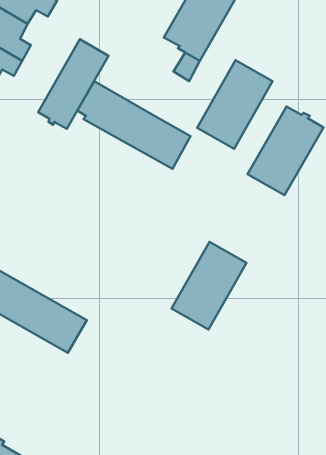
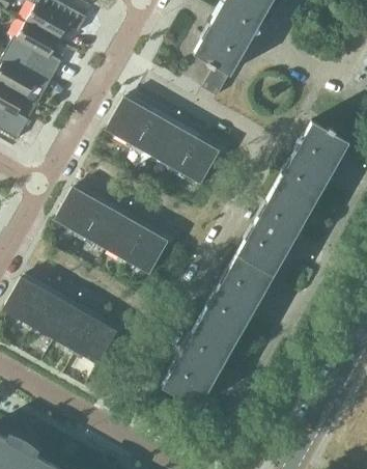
building: [38,39,109,129] -> none
building: [197,60,272,149] -> [236,188,310,275]
building: none -> [56,187,167,273]
building: none -> [162,320,235,407]

